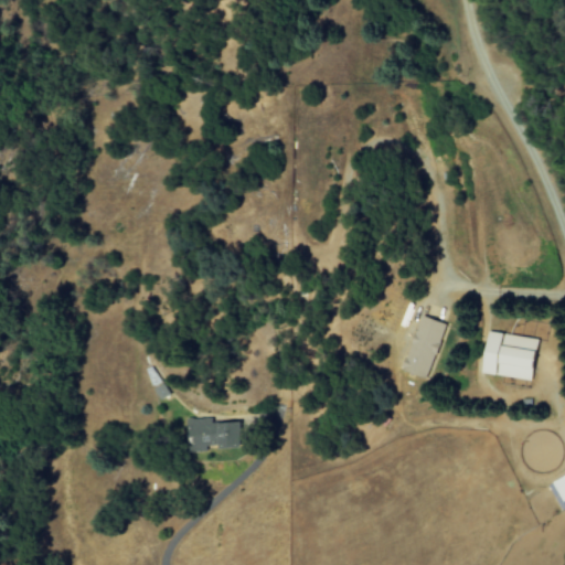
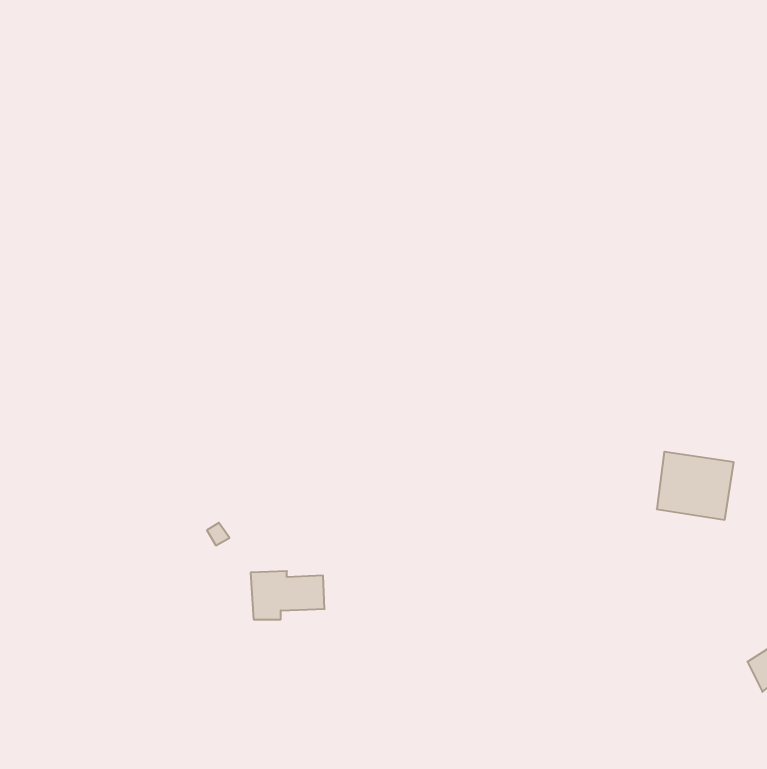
building: [404,315,447,377] -> none

